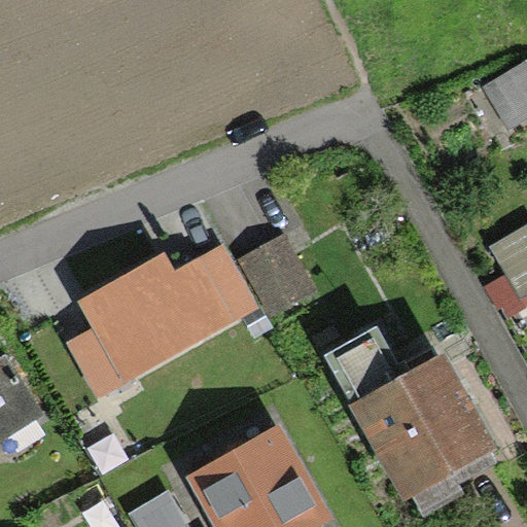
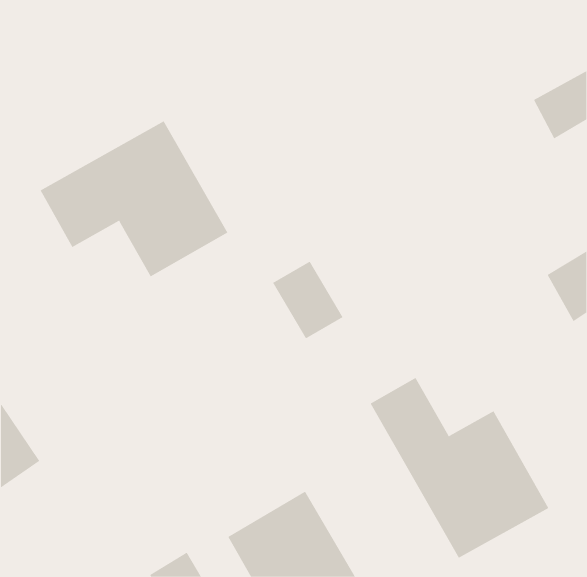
building: none -> [40,120,228,277]
building: [92,268,222,371] -> none

